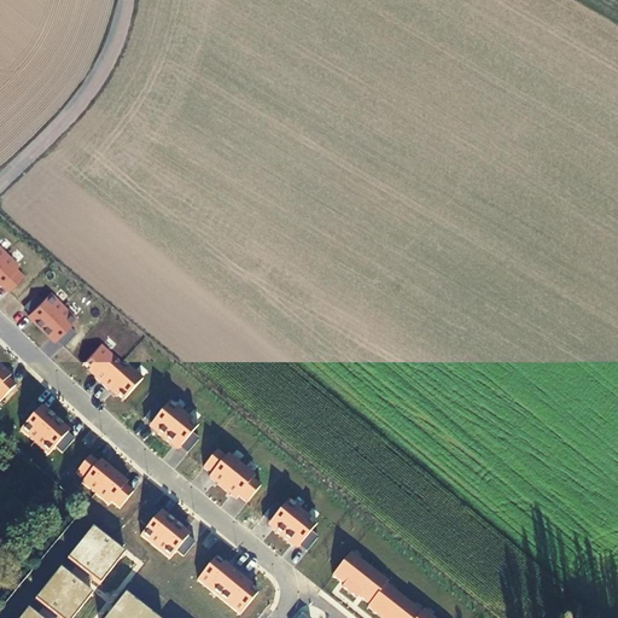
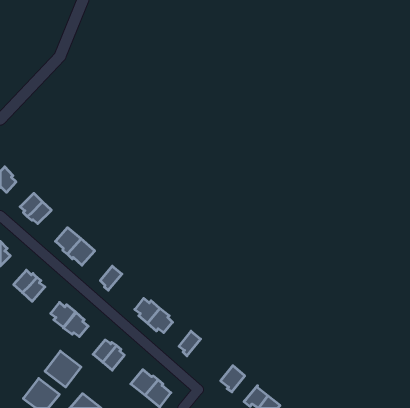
building: [163,413,198,447] -> none
building: [281,511,316,544] -> none
building: [349,566,387,602] -> none

